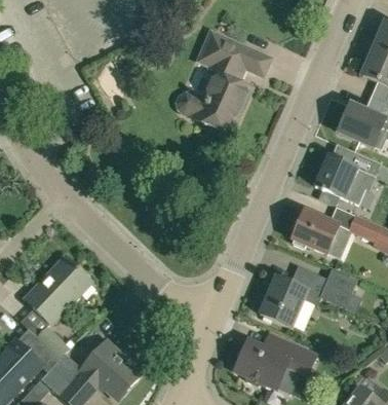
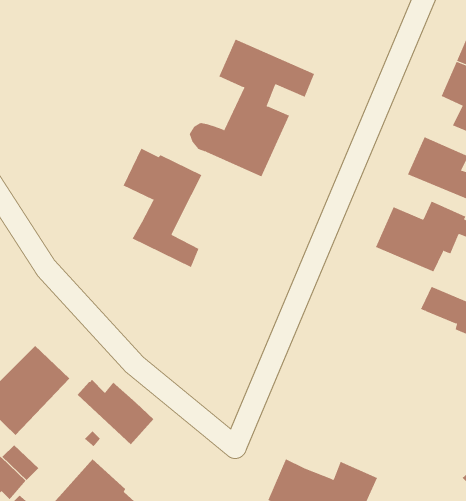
building: none -> [123,148,202,268]
building: [292,210,339,253] -> none
building: [260,266,361,327] -> none
building: none -> [77,379,154,445]

